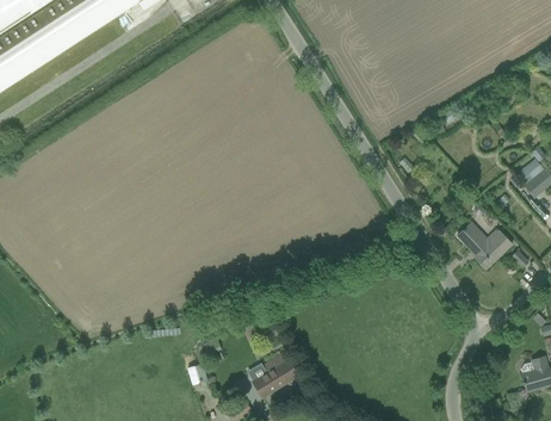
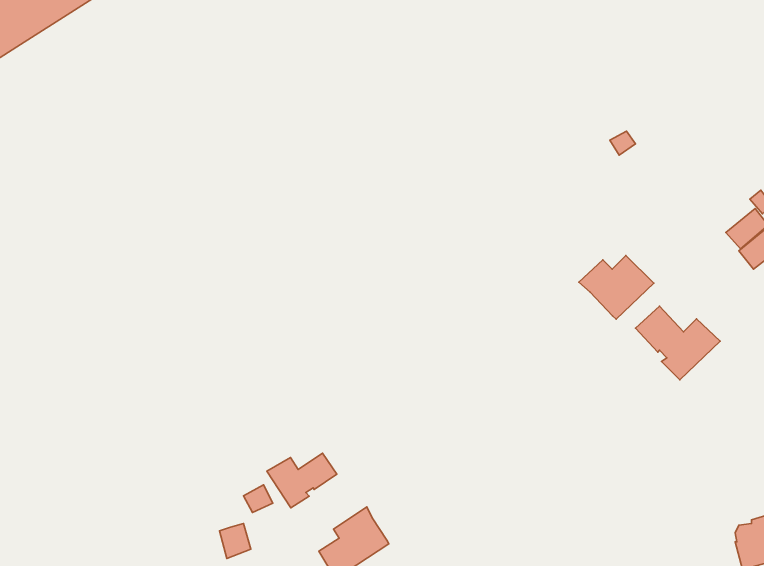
building: none -> [579,255,654,319]
building: none -> [267,453,337,508]

